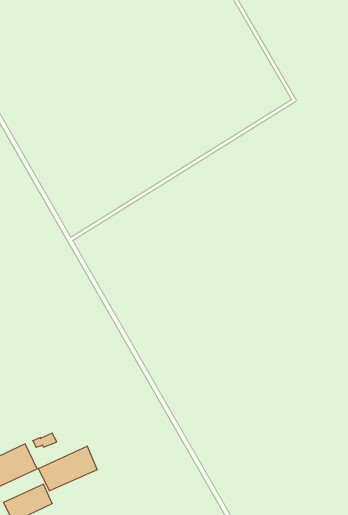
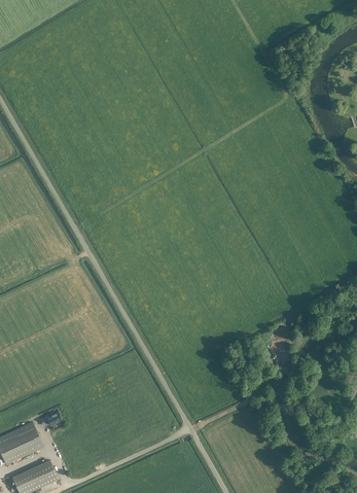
building: [39,446,97,491] -> none

